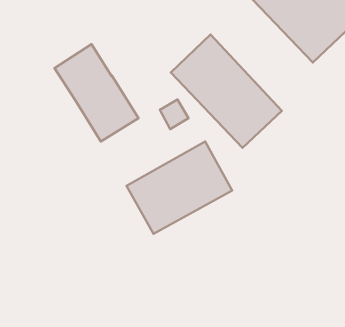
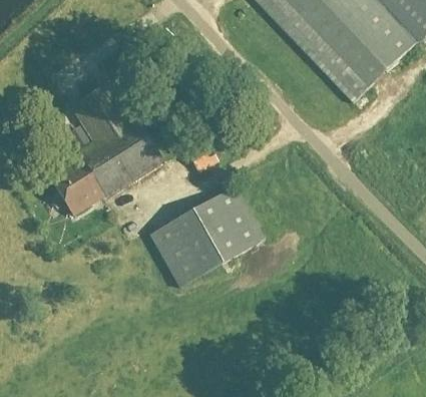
building: [171,34,282,148] -> none
building: none -> [50,140,124,215]

